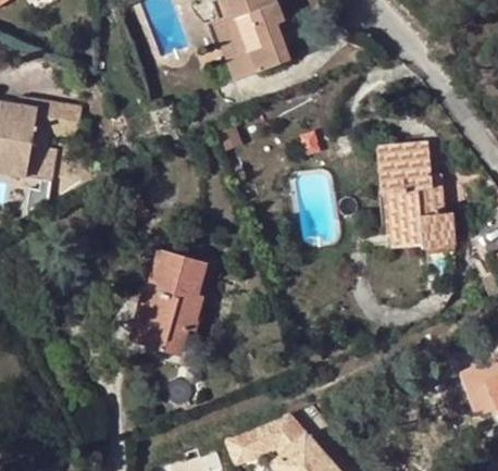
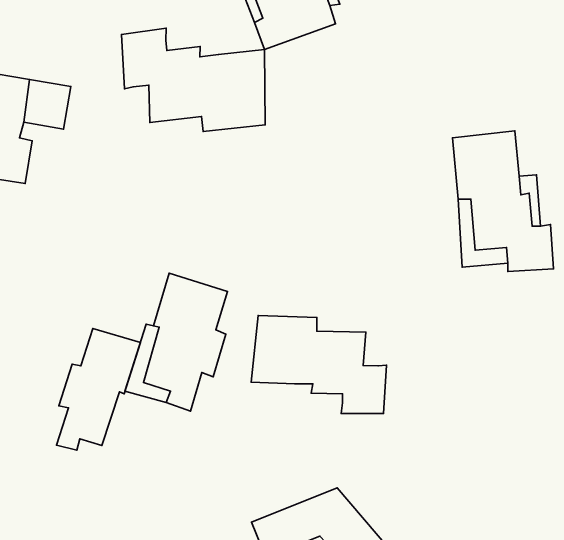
building: none -> [122,28,265,131]
building: none -> [251,316,386,414]
building: none -> [57,329,140,450]

